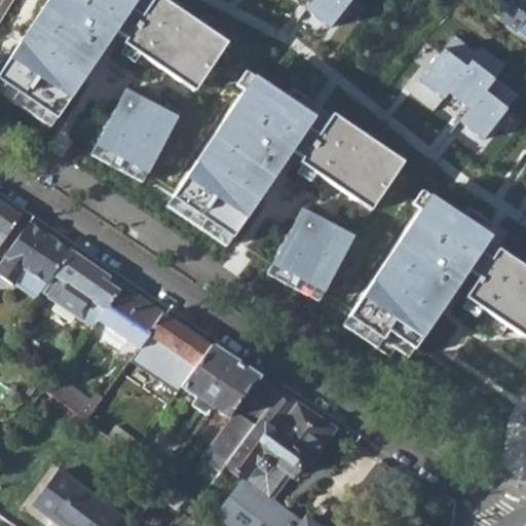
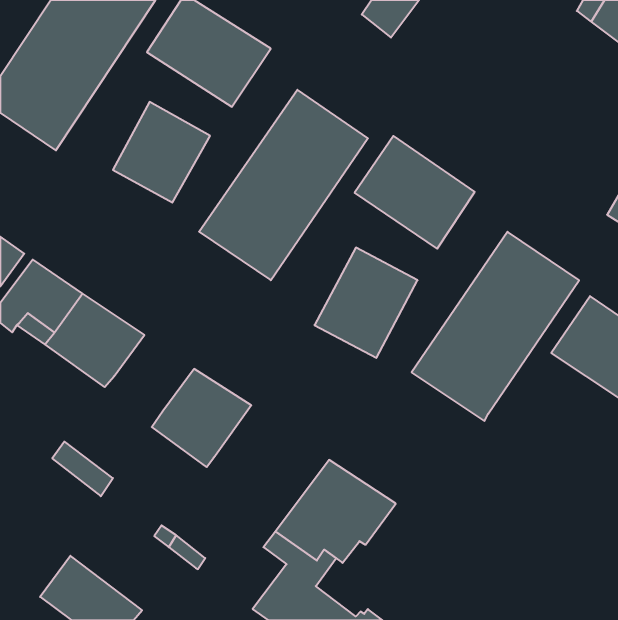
building: [416,36,521,143] -> none
building: [90,284,166,348] -> none
building: [183,343,280,471] -> none

